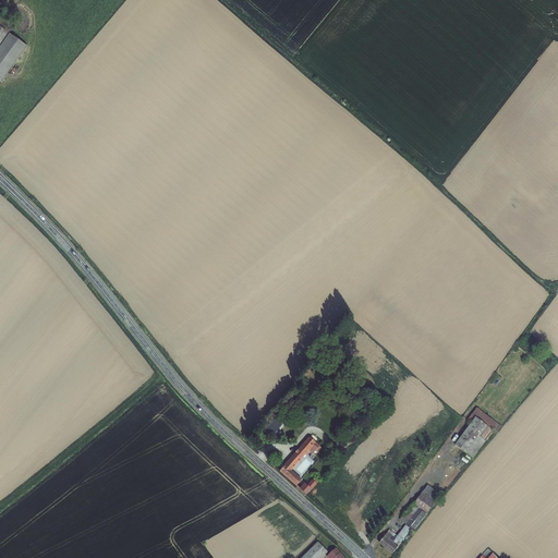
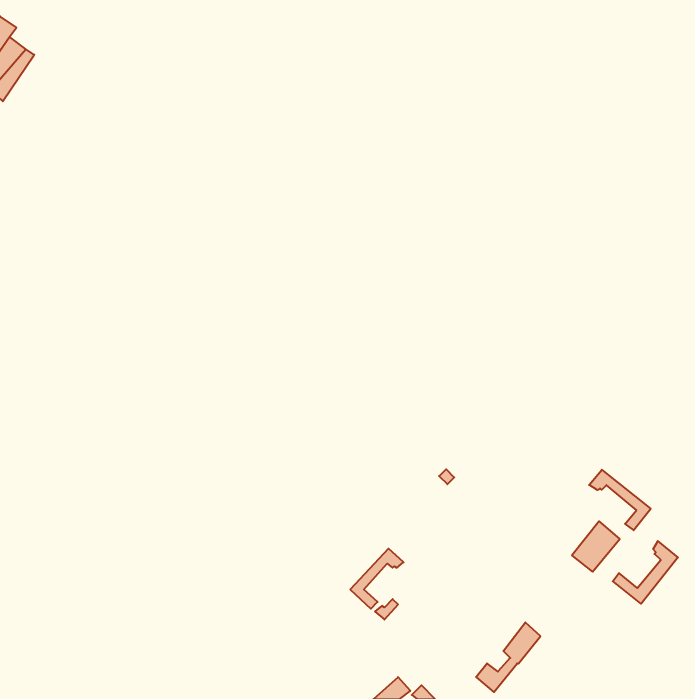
building: none -> [589,470,651,530]
building: none -> [613,541,678,604]

